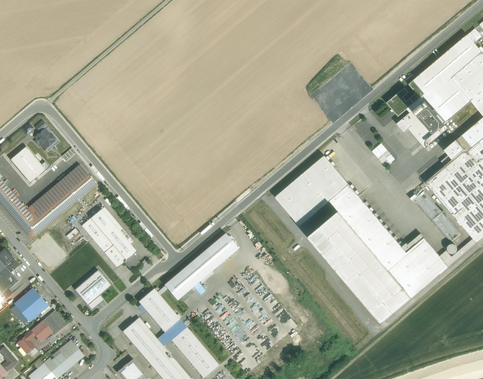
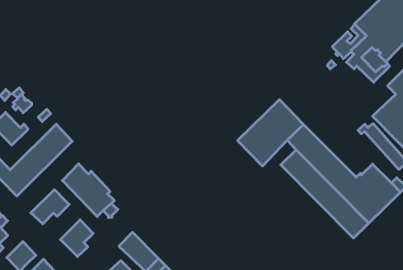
building: [309,227,394,324] -> none
building: [164,233,238,300] -> none
building: none -> [31,190,69,224]

